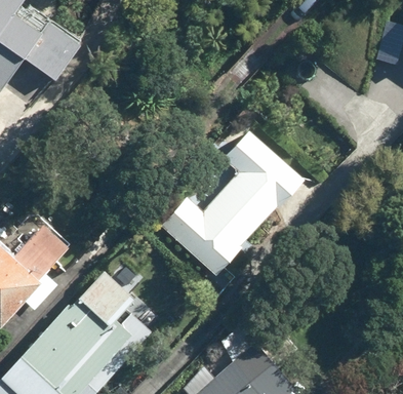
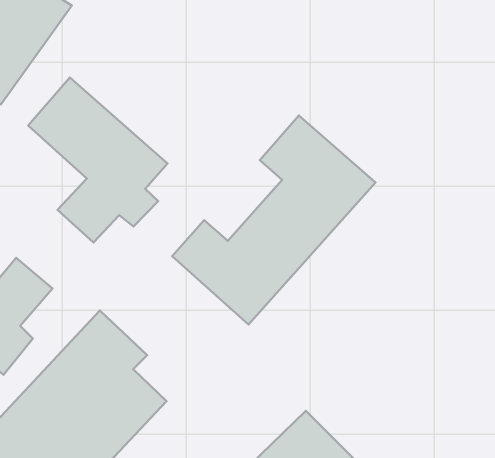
building: none -> [28,77,168,243]

